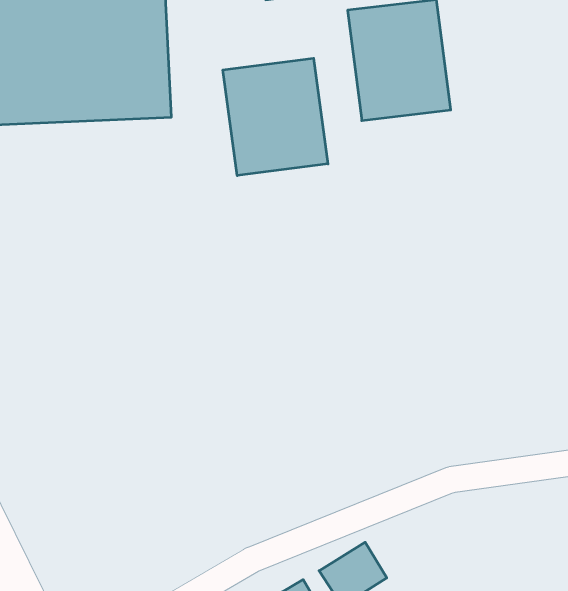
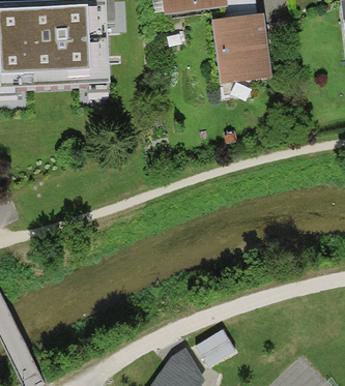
building: [223,58,328,176] -> none

